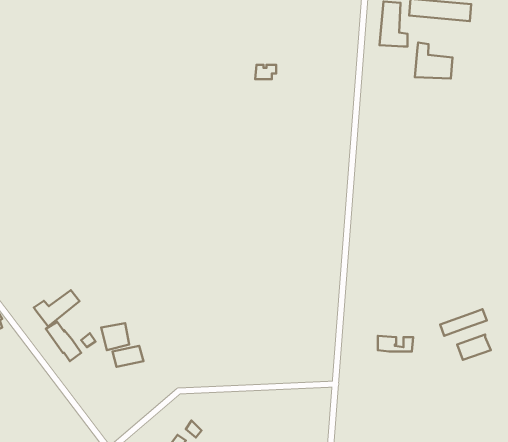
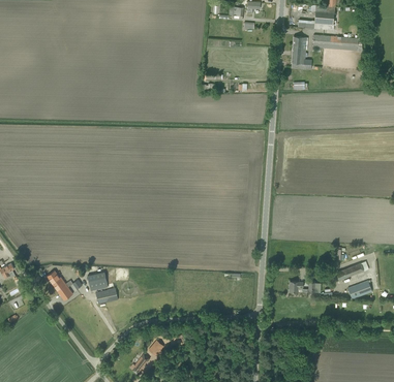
building: [415,42,453,78] -> none
building: [34,290,80,327] -> none

